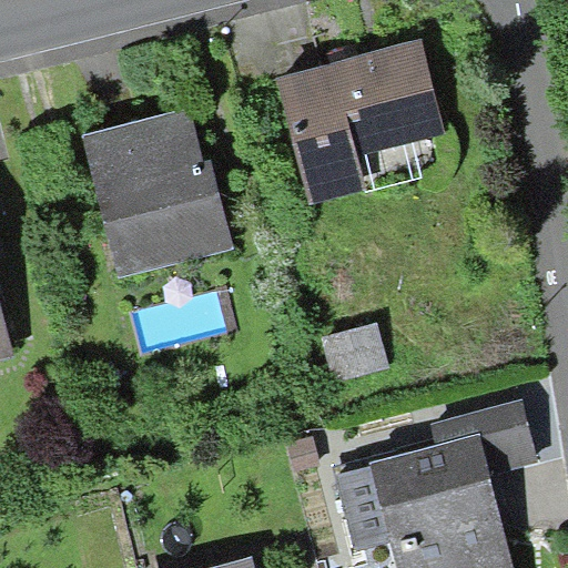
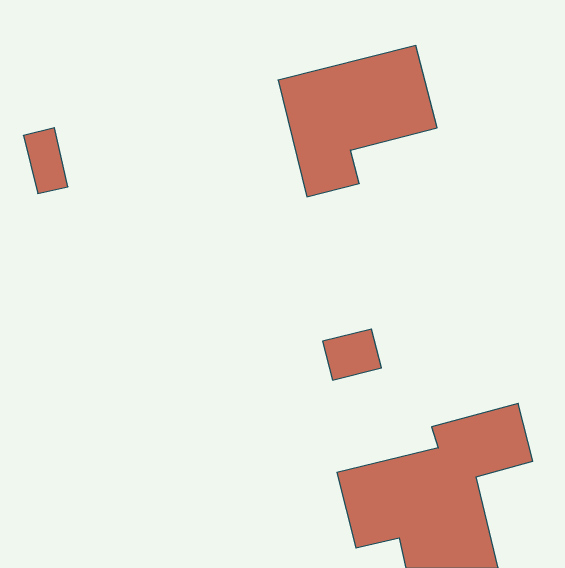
building: [84,110,231,270] -> none

